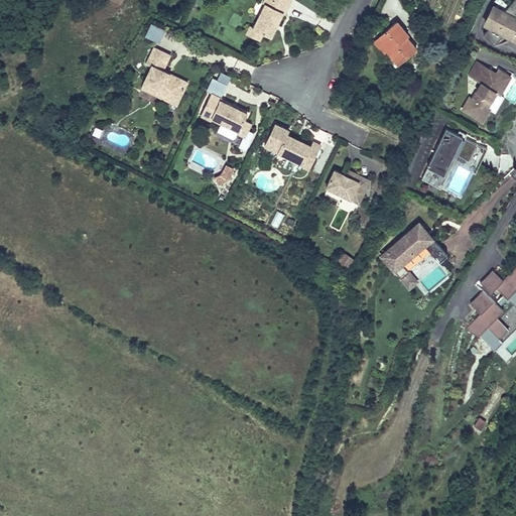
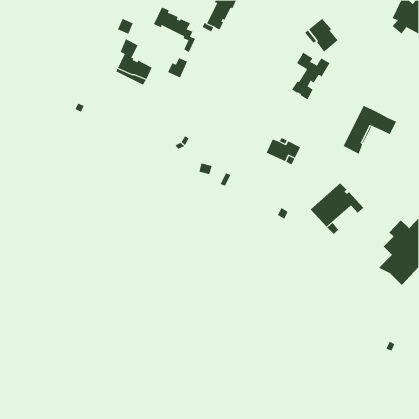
building: [463,63,511,123] -> [291,52,331,100]
building: [202,95,254,151] -> [153,7,196,53]
building: [265,125,320,171] -> none

